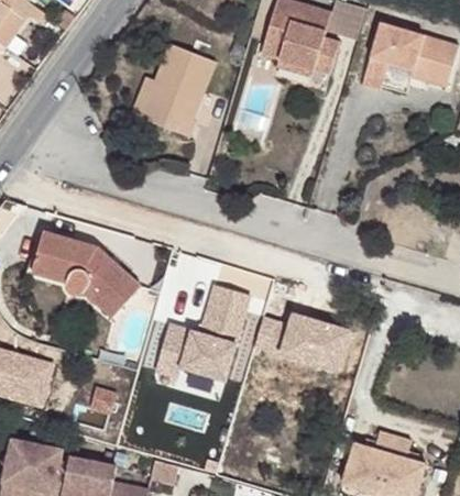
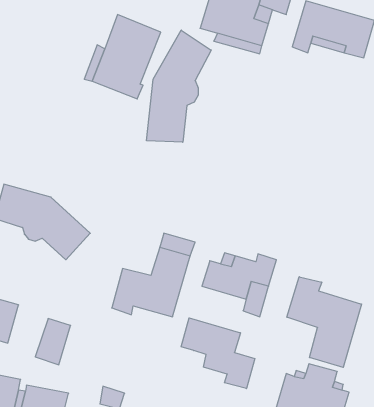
building: none -> [147,30,211,142]
building: none -> [287,277,362,367]
building: none -> [181,318,255,389]

